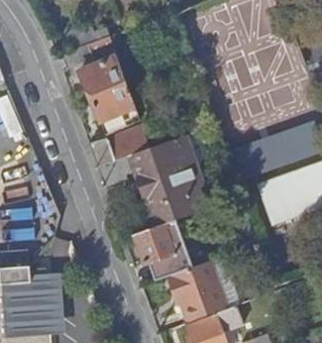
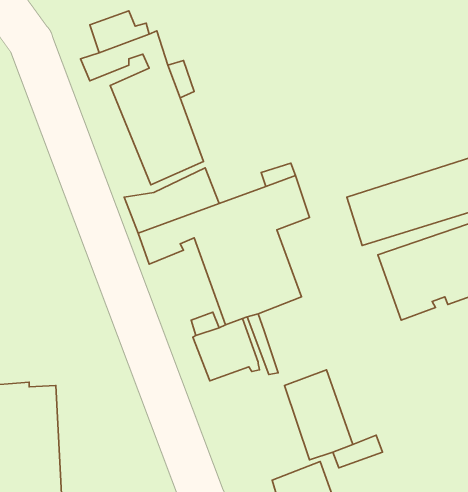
building: [165,267,210,324] -> none

